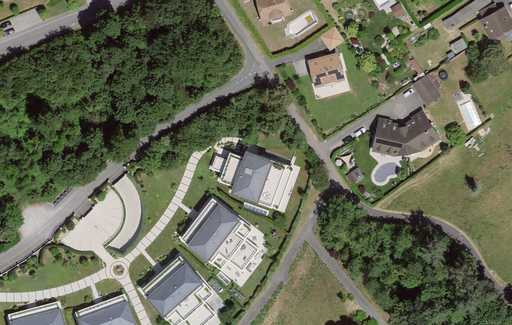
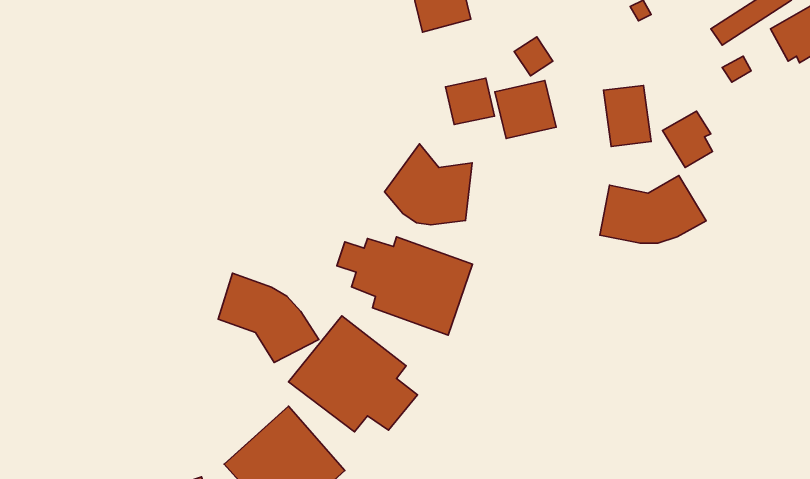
building: none -> [446,78,495,125]
building: none -> [603,86,651,146]
building: none -> [384,144,472,225]
building: none -> [218,273,319,363]

